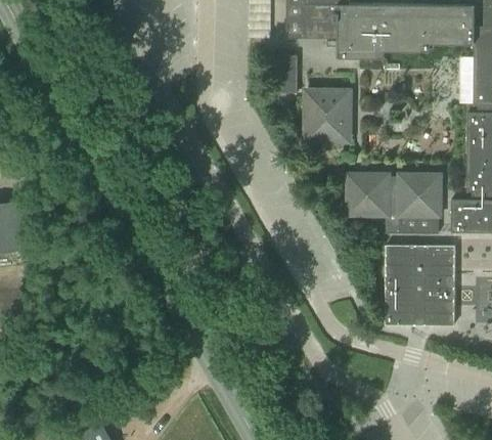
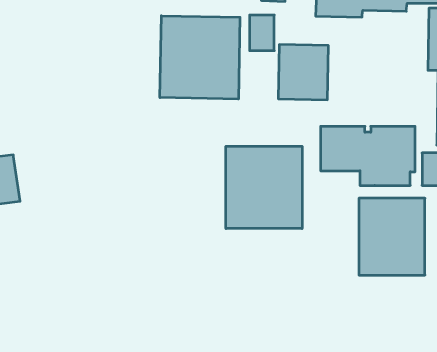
building: none -> [160,16,240,99]
building: none -> [226,146,302,229]

